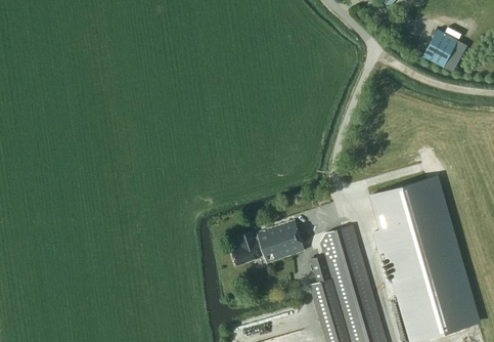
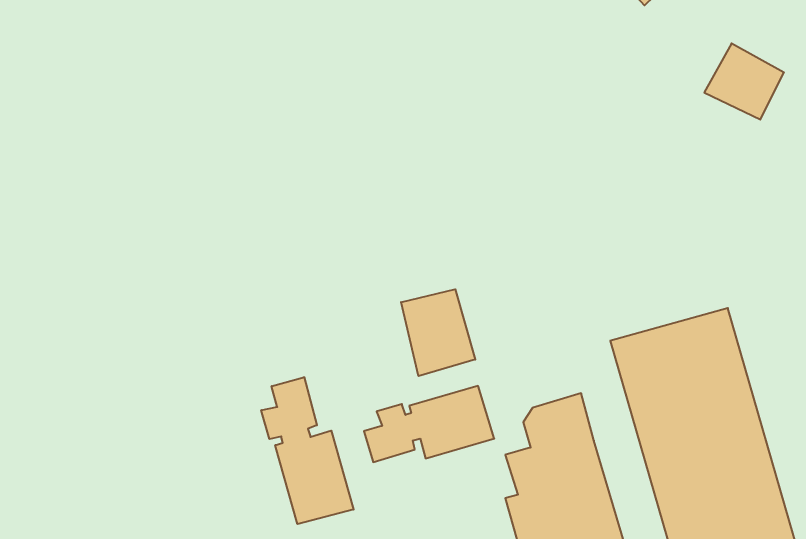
building: none -> [401,289,475,376]
building: none -> [261,377,354,524]

